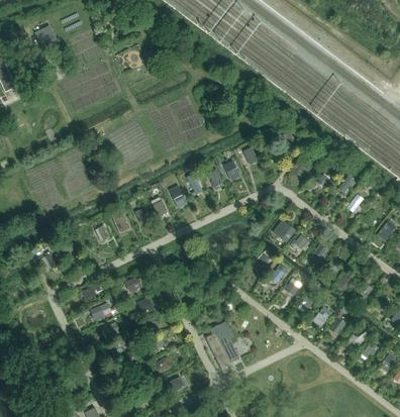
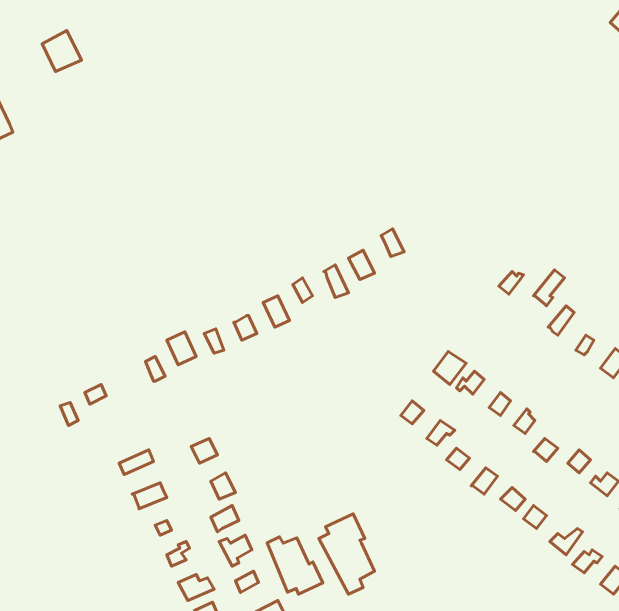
building: none -> [267,537,323,594]

